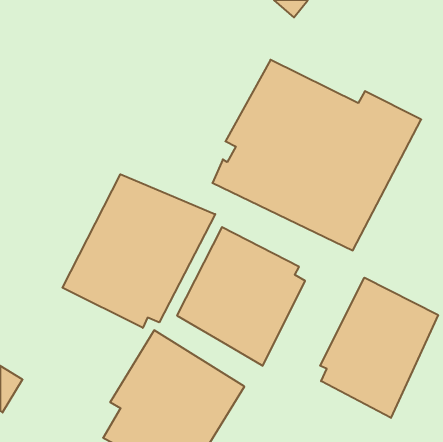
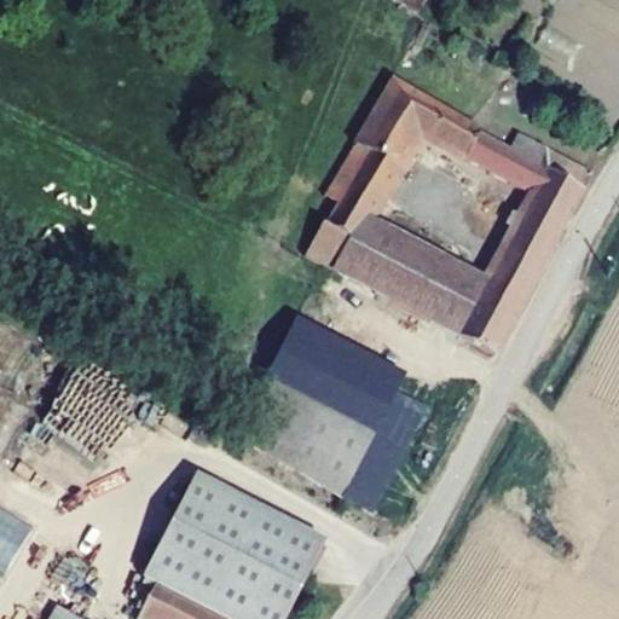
building: [62,174,215,328] -> none
building: [320,278,438,418] -> none

